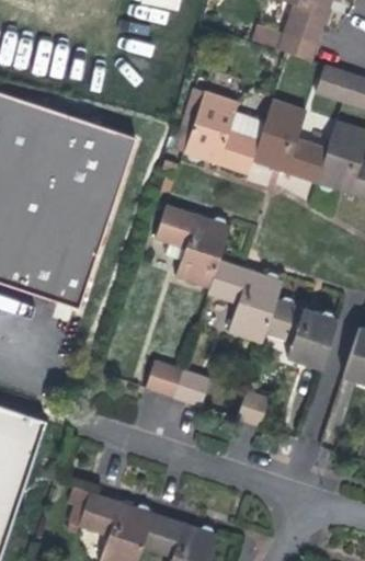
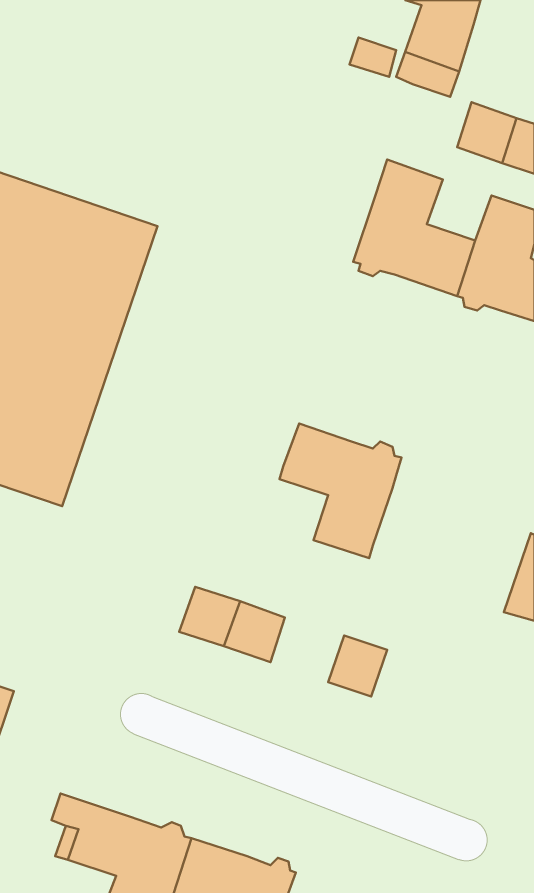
building: [184,91,266,173] -> none
building: [157,204,231,286] -> none
building: [265,296,338,368] -> none

